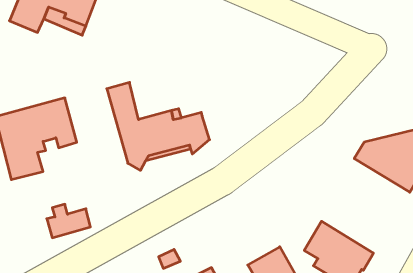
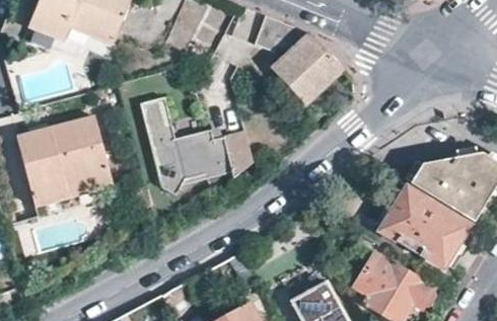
building: none -> [255,17,344,103]
building: none -> [365,182,472,268]
building: [47,204,90,238] -> [60,158,109,195]

